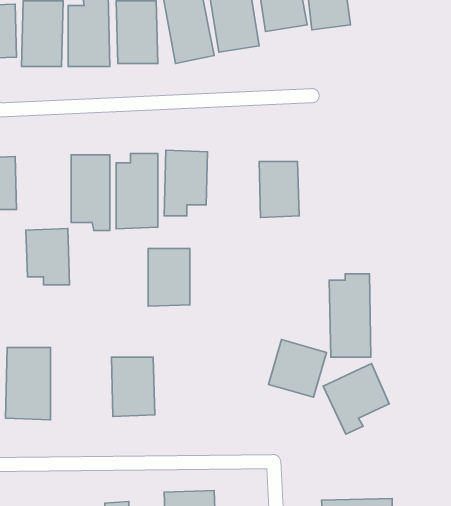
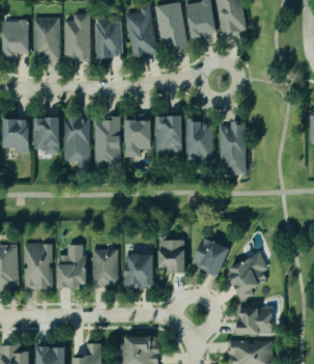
building: [26,229,69,285] -> [33,118,61,155]
building: [148,248,190,306] -> [155,117,182,155]
building: [329,274,371,357] -> [219,122,246,176]
building: none -> [159,237,185,273]
building: none -> [56,245,86,286]
building: none -> [124,254,154,287]
building: none -> [236,307,272,334]

